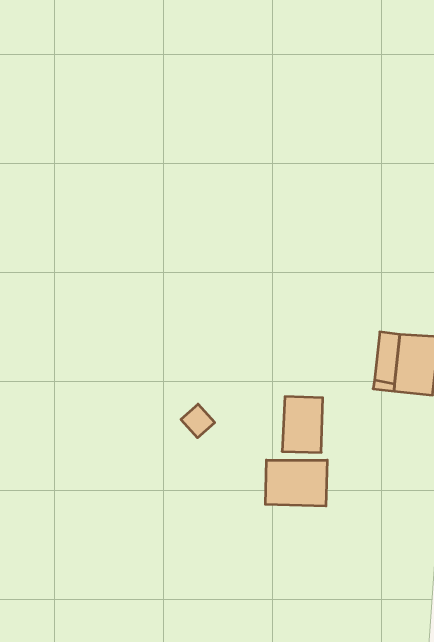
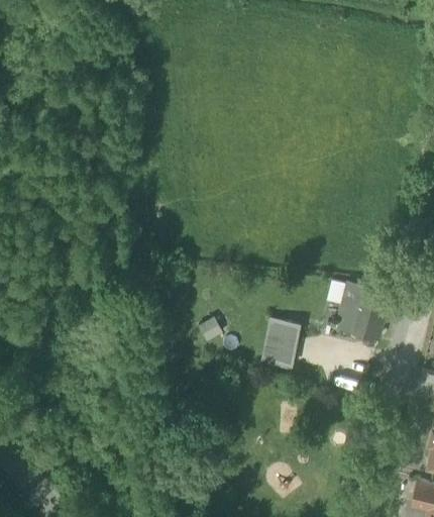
building: [265,460,327,506] -> none

